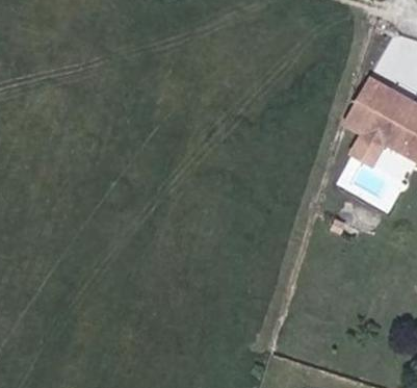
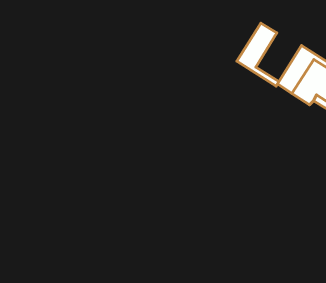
building: none -> [237,23,279,86]

